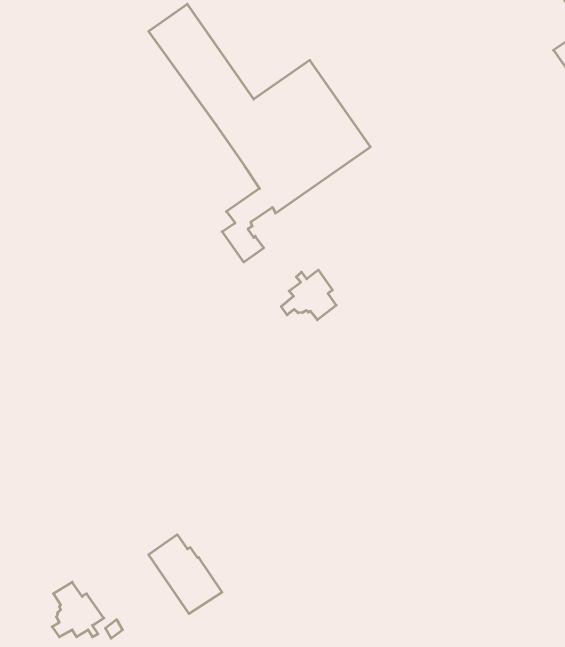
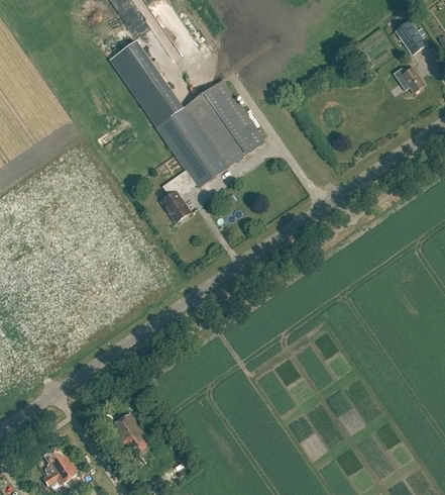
building: [281,270,336,320] -> none

